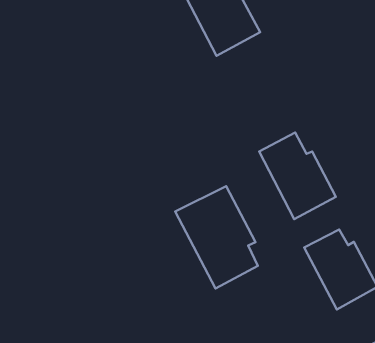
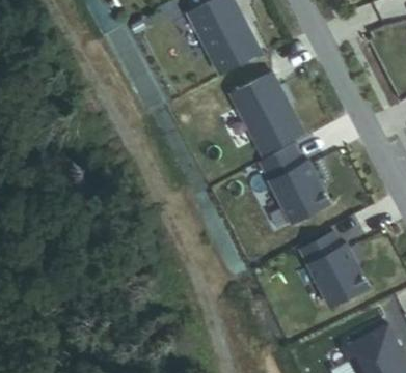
building: none -> [231,73,303,153]
building: [175,186,258,289] -> none

